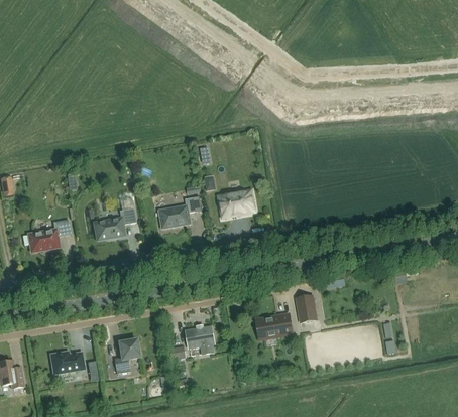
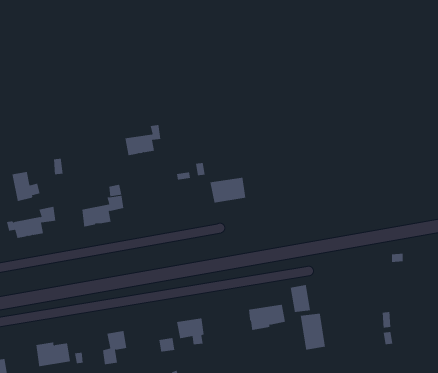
building: none -> [12,171,40,202]
building: [160,197,196,228] -> [125,125,161,156]
building: none -> [300,313,325,351]

